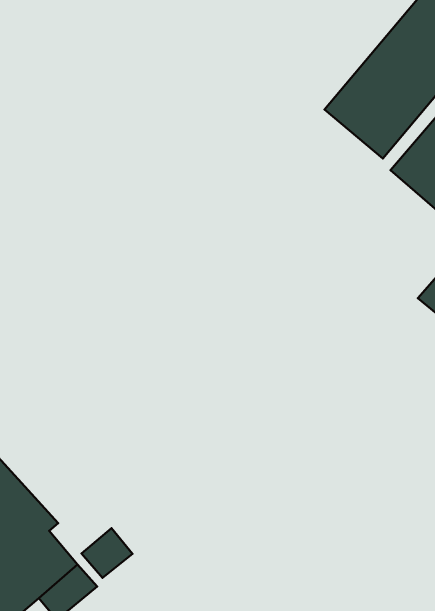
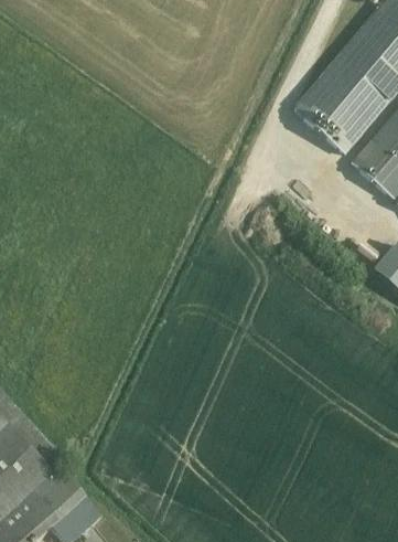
building: [82,528,132,578] -> none

